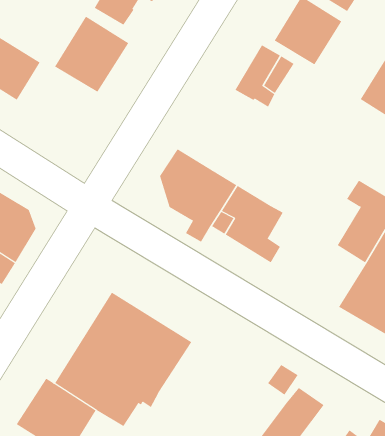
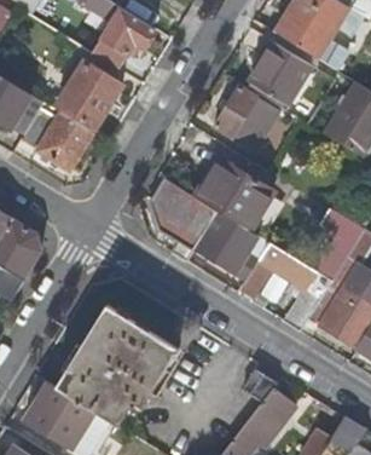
building: none -> [19,111,92,169]
building: none -> [196,159,271,229]
building: none -> [238,242,331,332]

